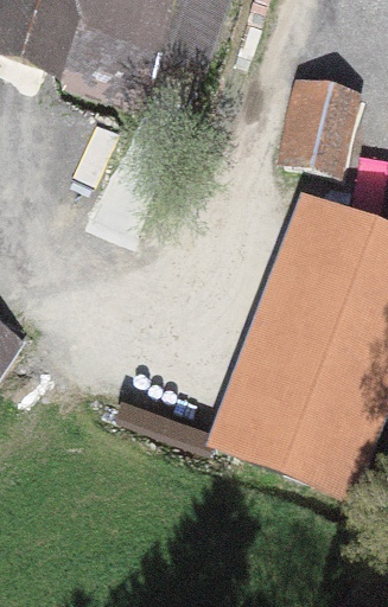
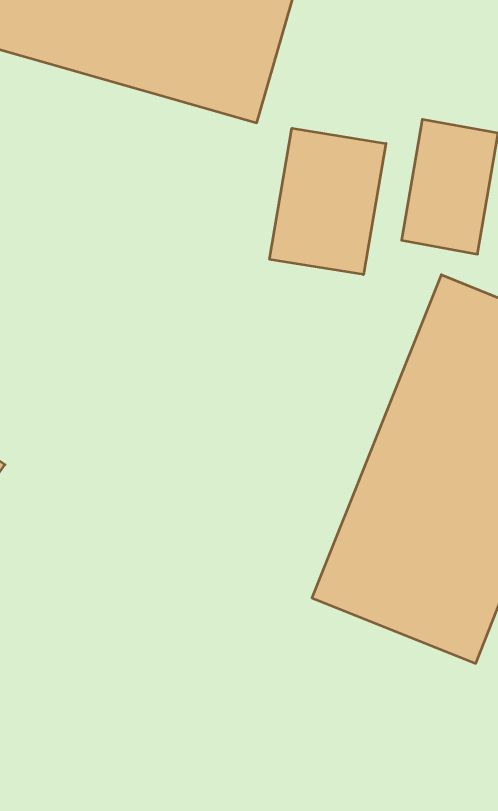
building: none -> [270,128,386,275]

